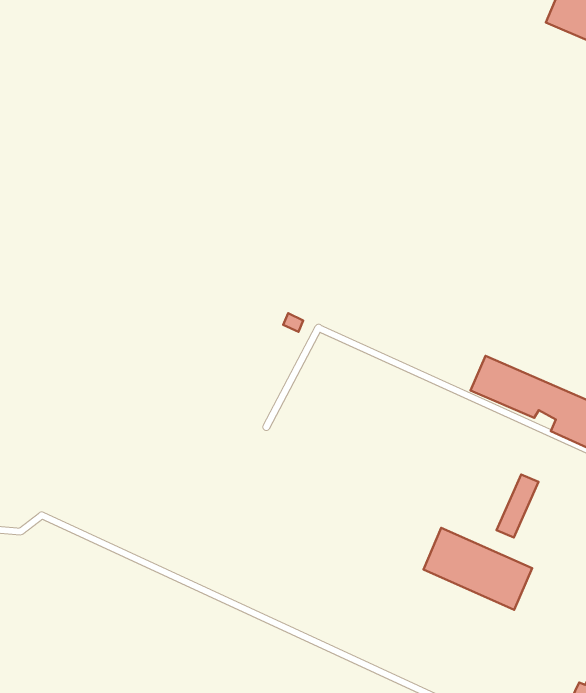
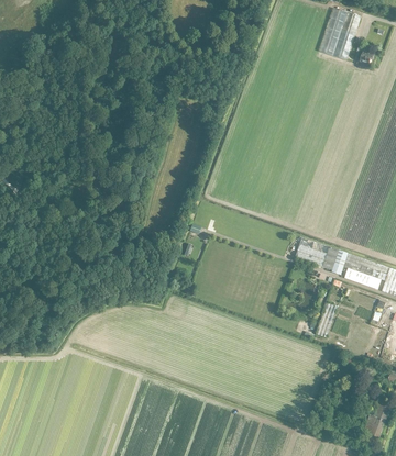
building: [423,528,532,610] -> none

